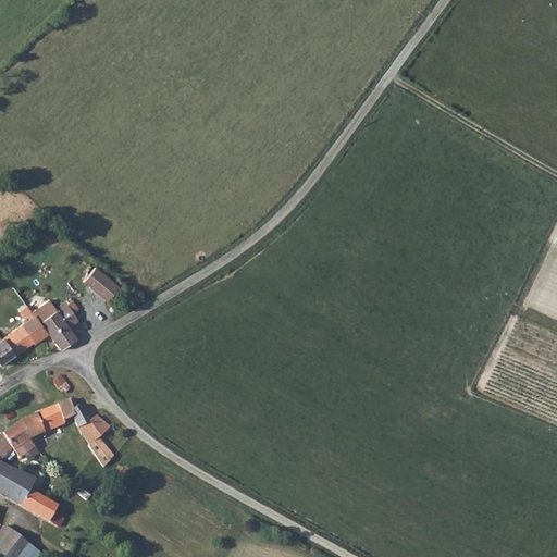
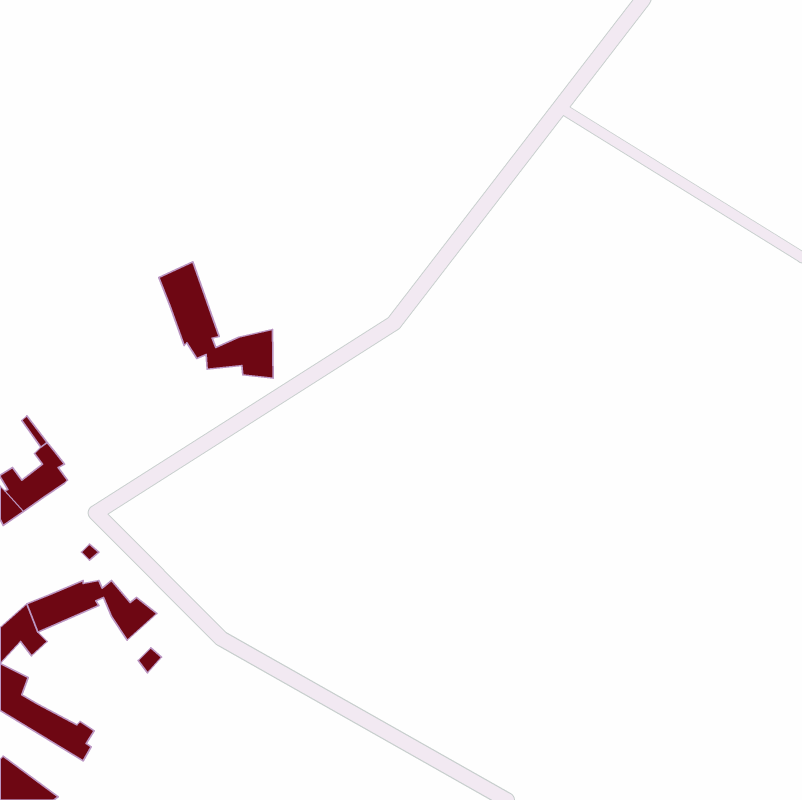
building: none -> [159,262,273,378]
building: [86,271,119,302] -> none
building: [38,301,81,347] -> none

